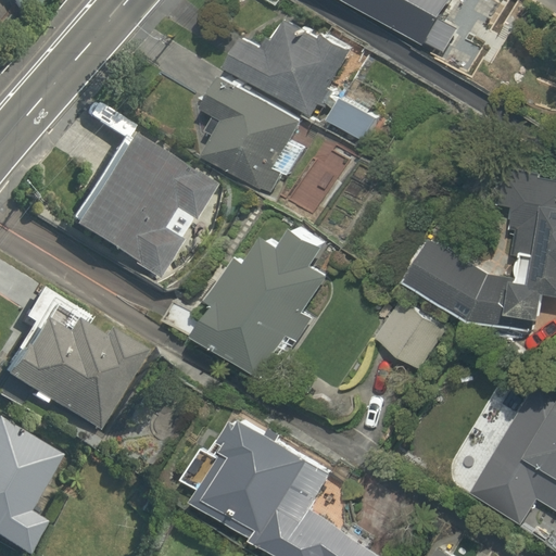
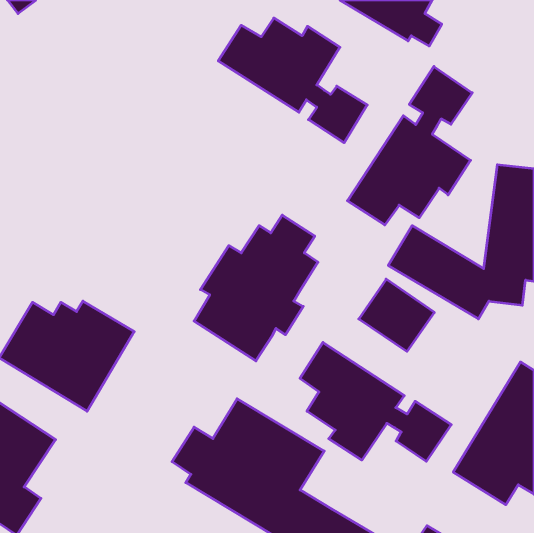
building: none -> [347,66,472,225]
building: [202,75,302,197] -> none
building: [67,139,210,280] -> none
building: none -> [300,342,451,461]

